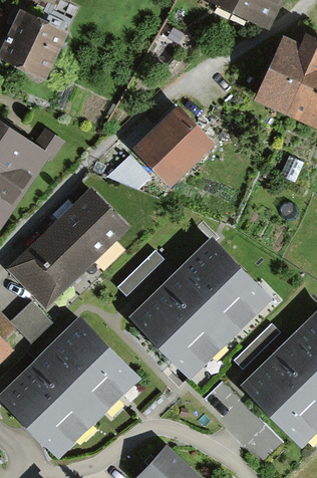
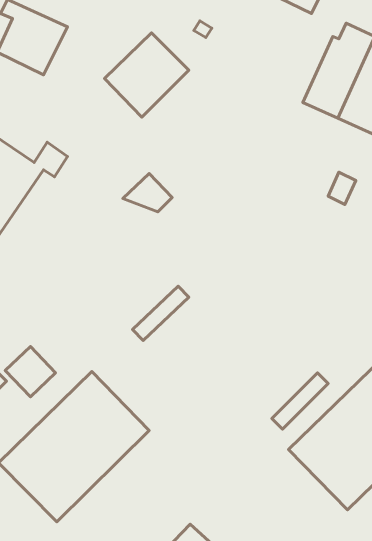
building: [137,111,208,182] -> [105,33,189,117]
building: [13,194,121,297] -> none
building: [134,243,262,370] -> none

